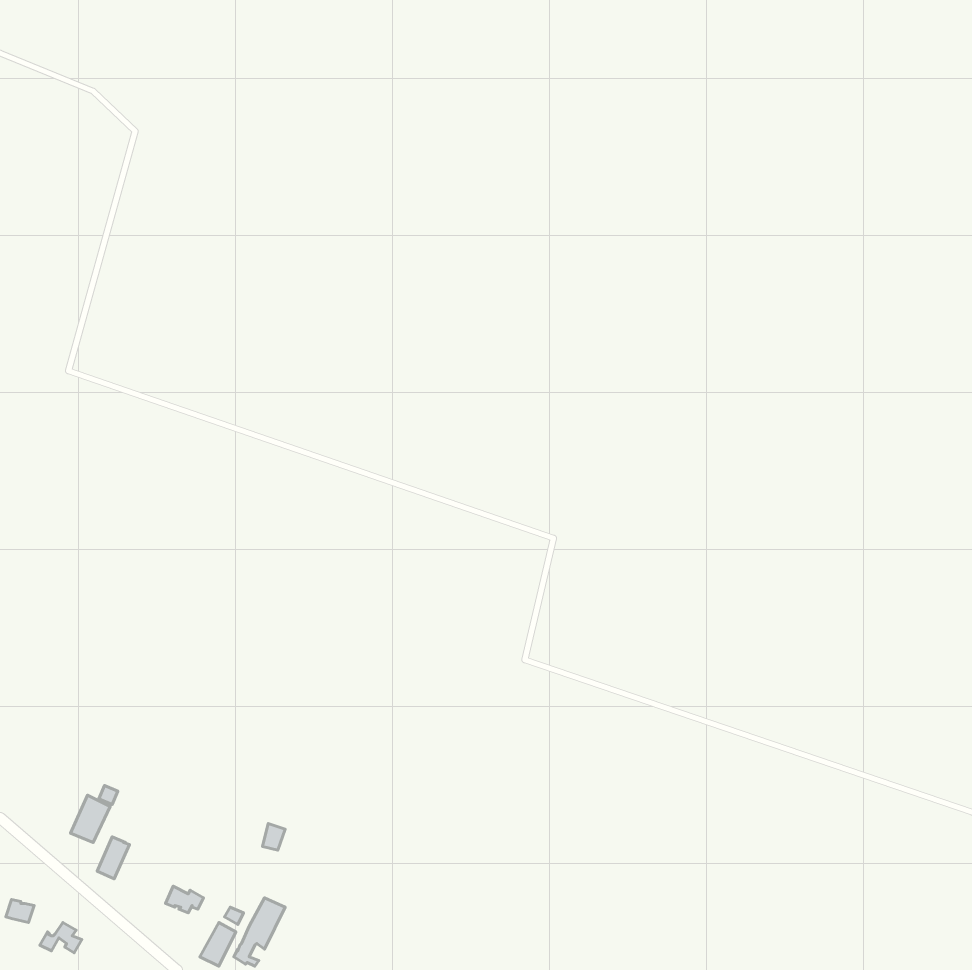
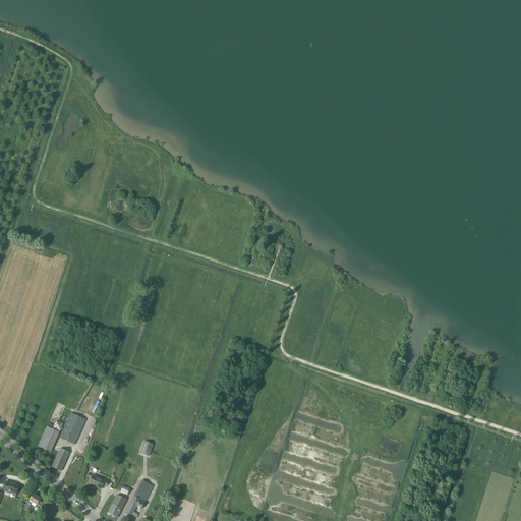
building: none -> [59,412,85,444]

